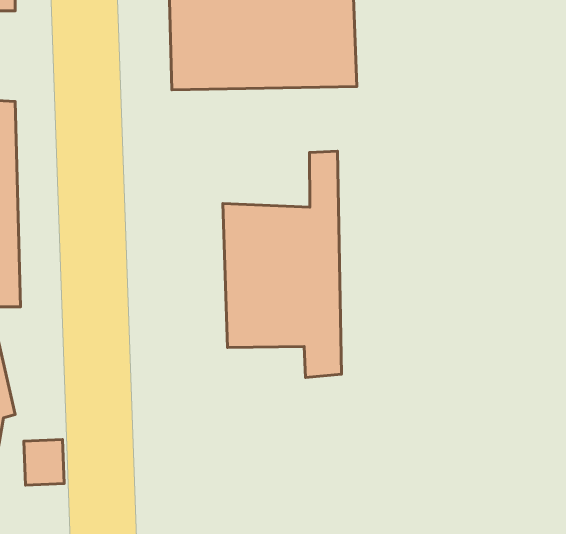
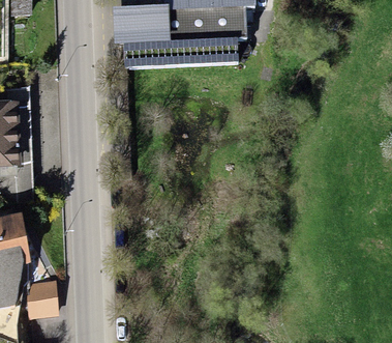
building: [223,151,342,377] -> none

